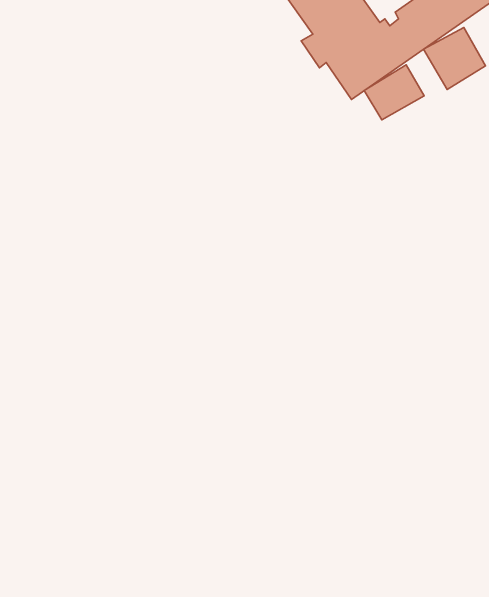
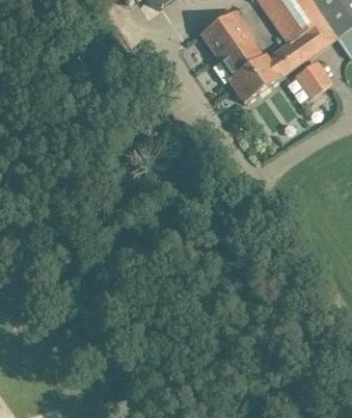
building: [364,65,424,120] -> none

